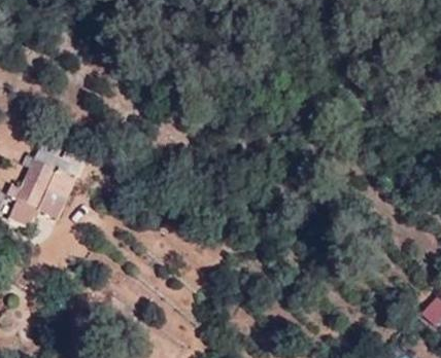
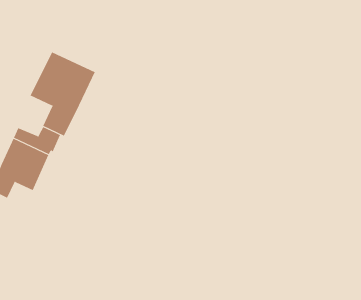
building: none -> [30,52,96,136]

